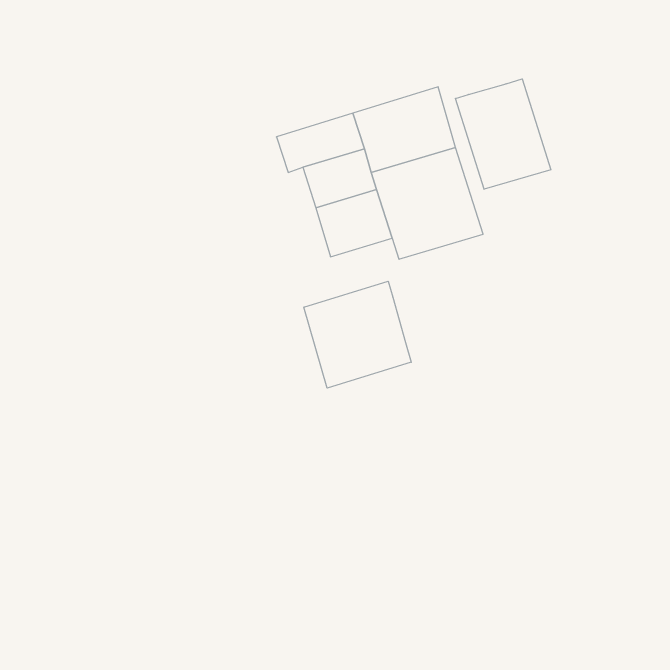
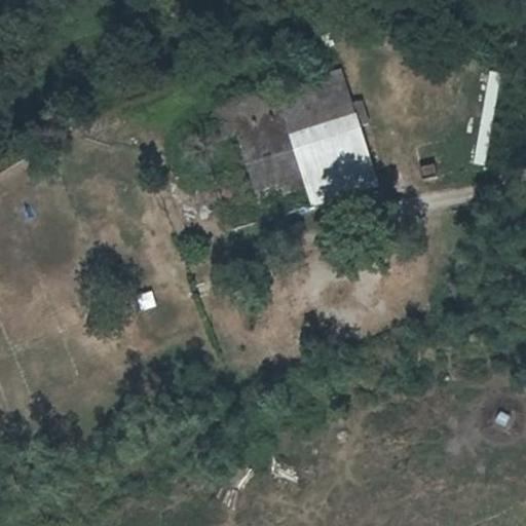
building: [455,79,551,189] -> none
building: [304,281,411,388] -> none

